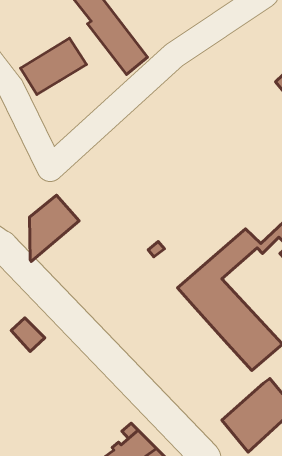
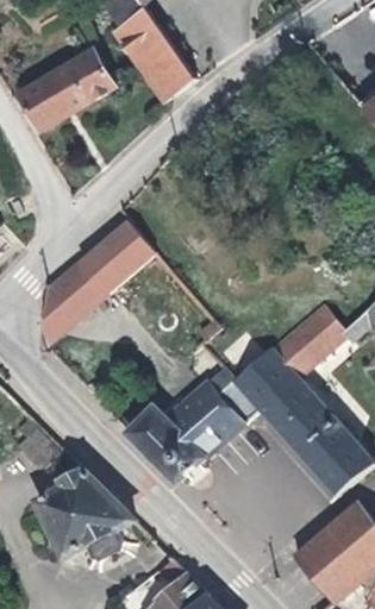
building: none -> [75,222,150,295]
building: none -> [125,369,254,477]
building: none -> [40,467,136,573]

